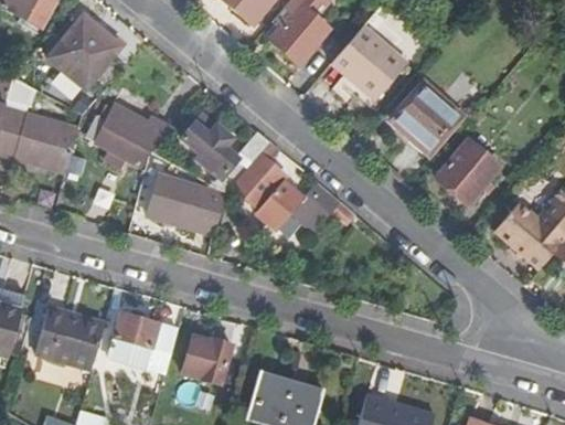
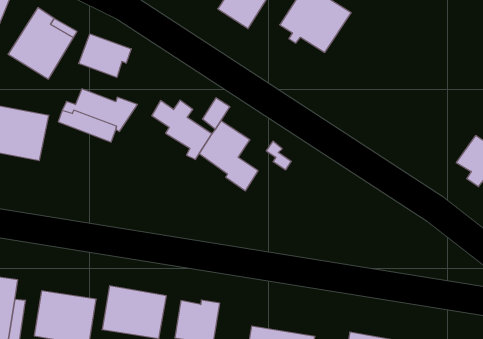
building: none -> [79,34,131,77]
building: [396,87,450,149] -> none
building: [435,137,499,201] -> none
building: [149,171,206,225] -> none

